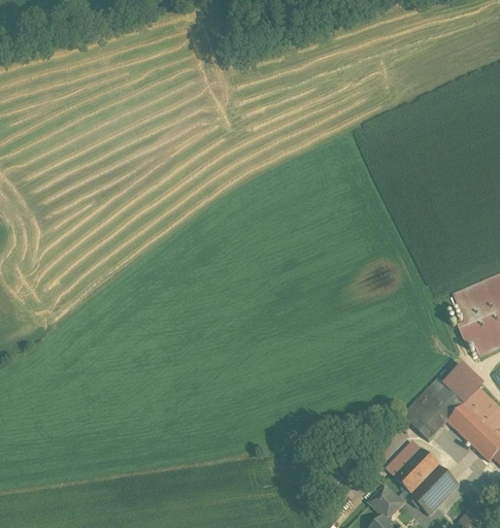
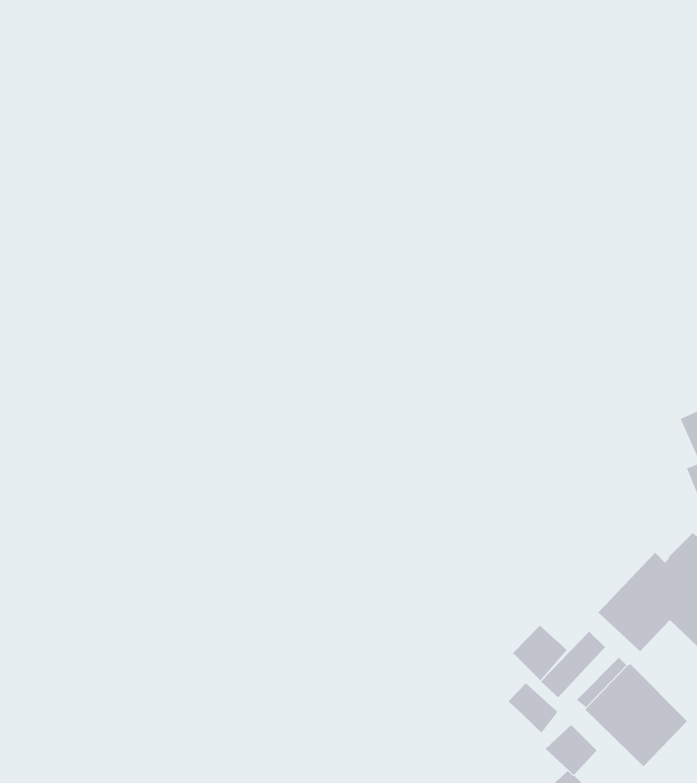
building: none -> [513,625,568,681]
building: none -> [508,682,558,733]

